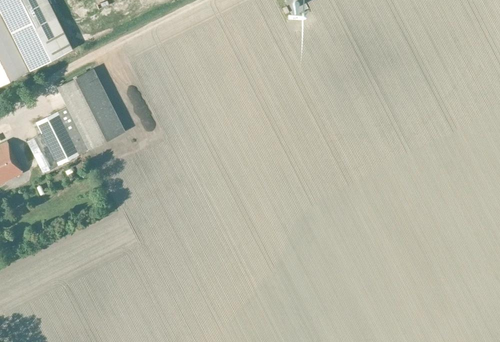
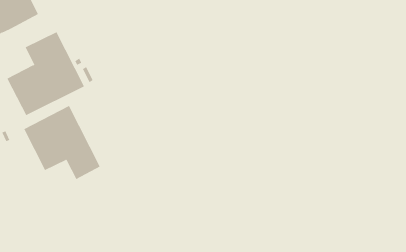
building: none -> [24,105,100,180]

